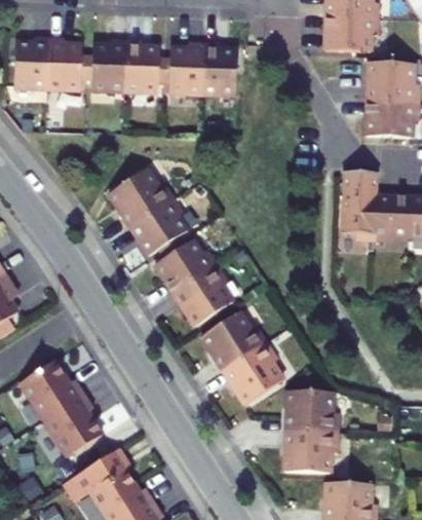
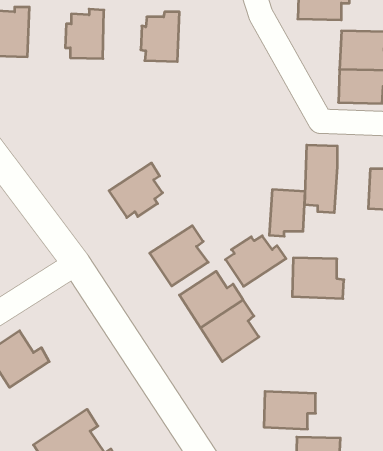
building: [48,36,88,88] -> none
building: [126,39,166,90] -> none
building: [203,41,238,94] -> none
building: [110,166,177,226] -> none
building: [366,201,402,250] -> [269,190,305,236]
building: [156,238,219,291] -> [225,236,286,286]
building: [294,394,347,436] -> [292,258,344,299]
building: [30,403,88,468] -> none

